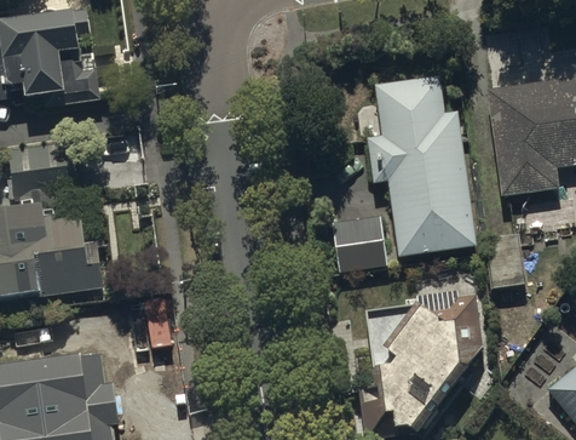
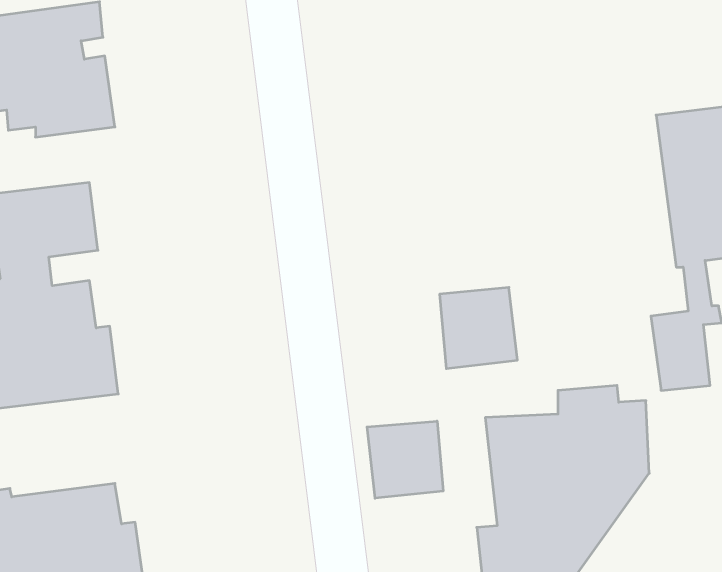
building: [367,75,474,253] -> none
building: none -> [367,421,443,498]

